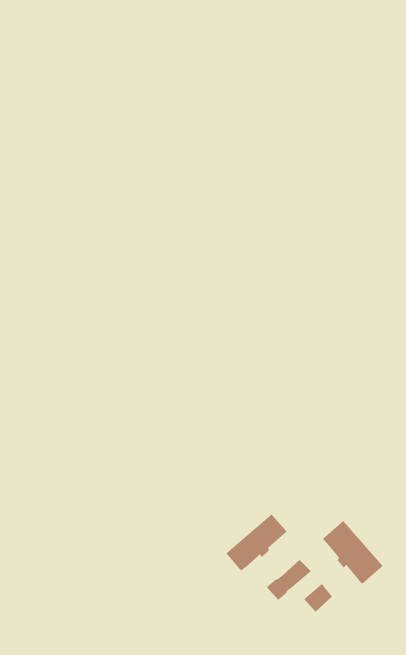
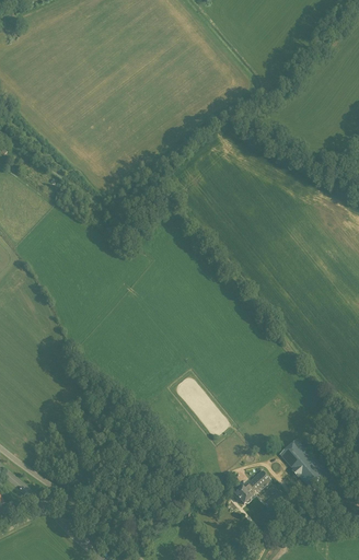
building: [225,513,288,571] -> none

